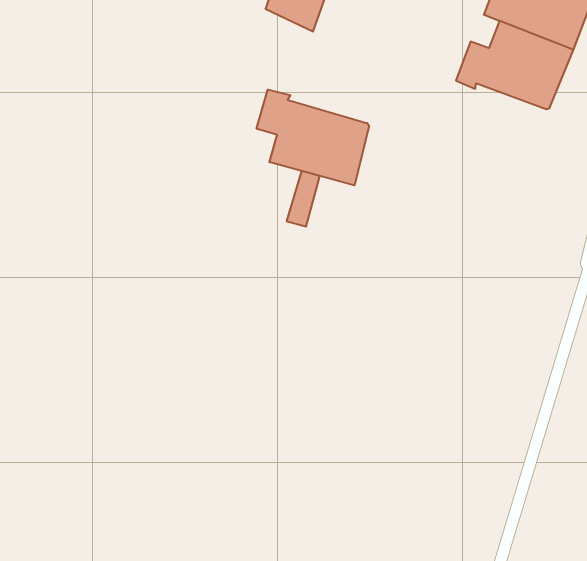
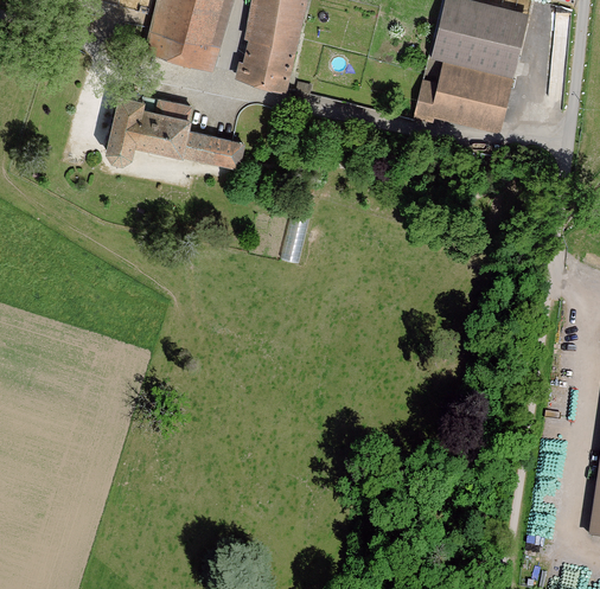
building: none -> [106,96,243,167]
building: [257,90,369,185] -> none

